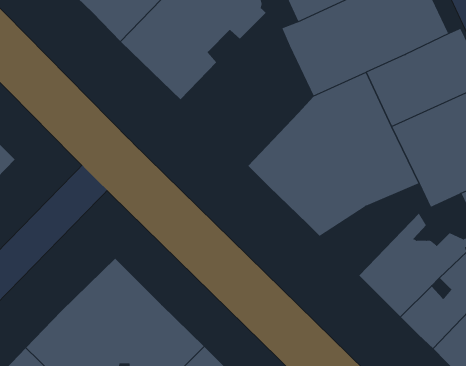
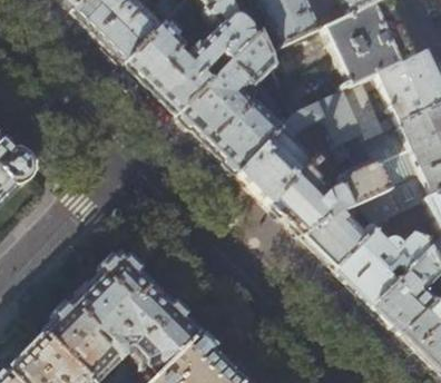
building: none -> [178,30,282,170]
building: none -> [301,186,399,267]

